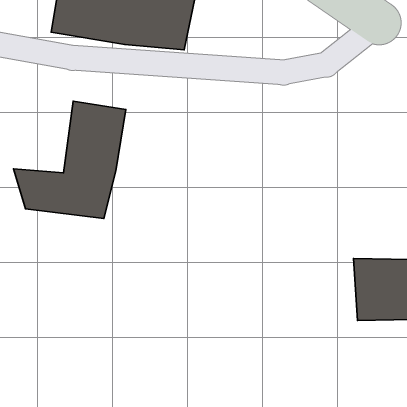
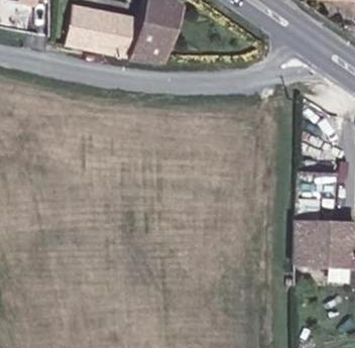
building: [13,101,126,219] -> none

